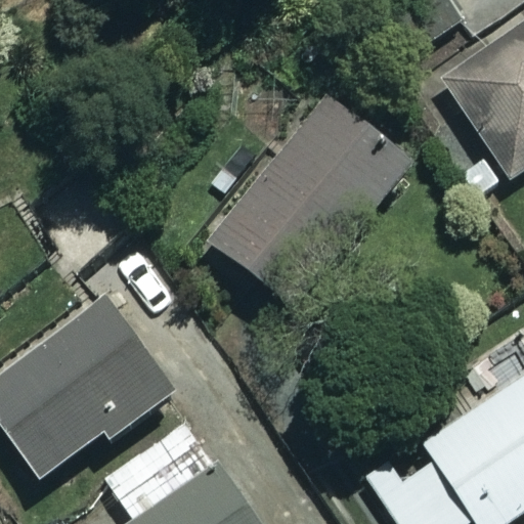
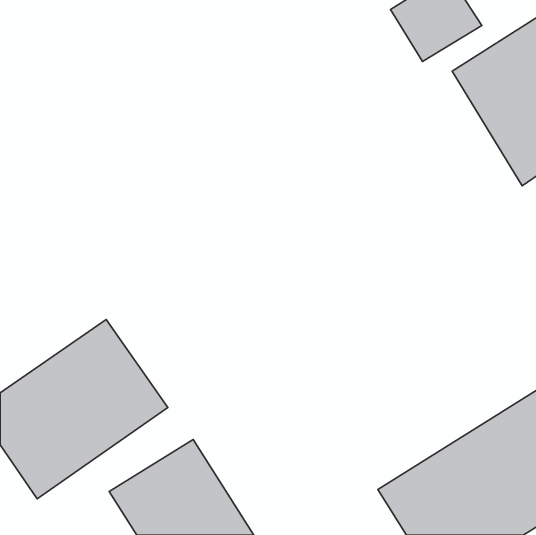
building: [208,95,409,306] -> none

